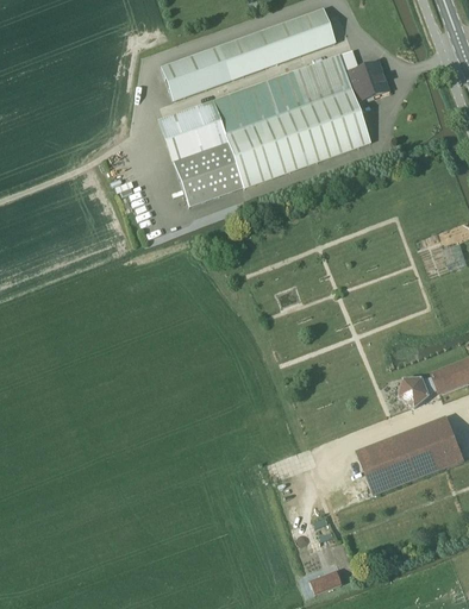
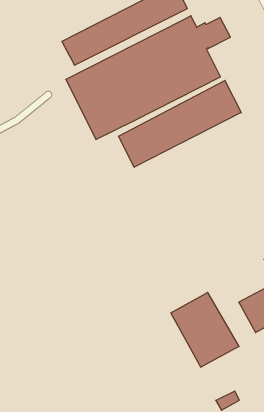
building: none -> [119,80,241,167]
building: none -> [171,292,239,367]

